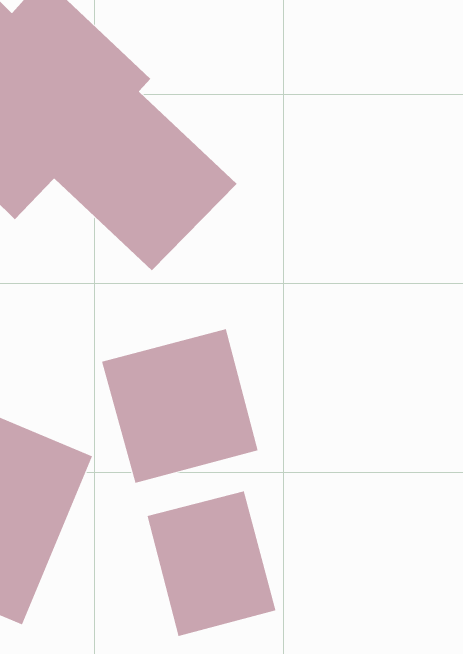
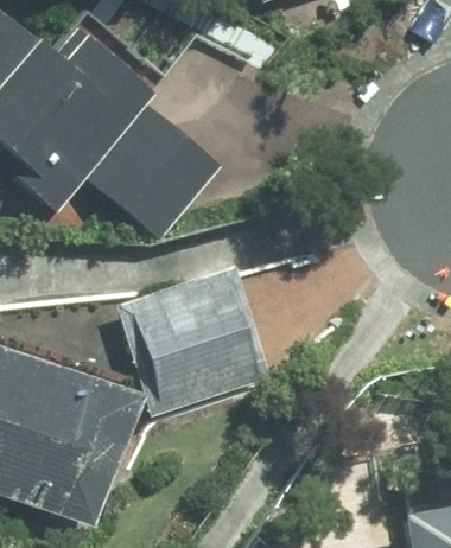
building: [147,491,276,637] -> none

